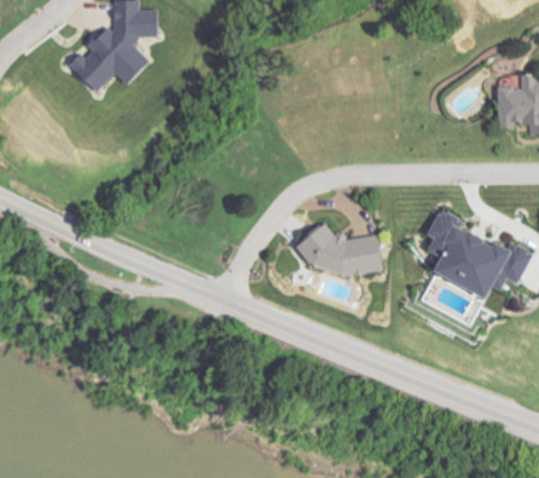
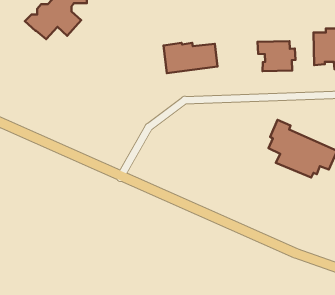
building: none -> [258,41,296,71]
building: [301,234,381,278] -> [164,43,217,73]

